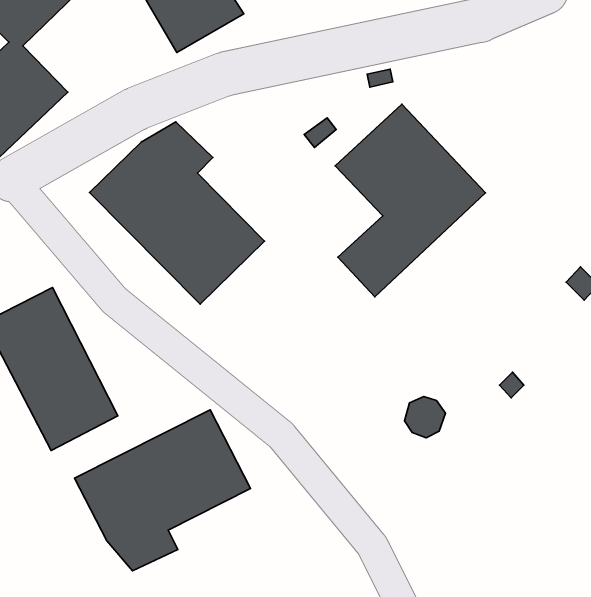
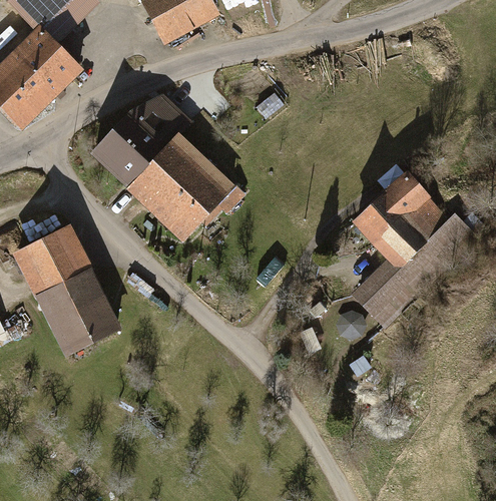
building: [335,104,485,297] -> [355,172,472,323]
building: [75,410,250,571] -> none

